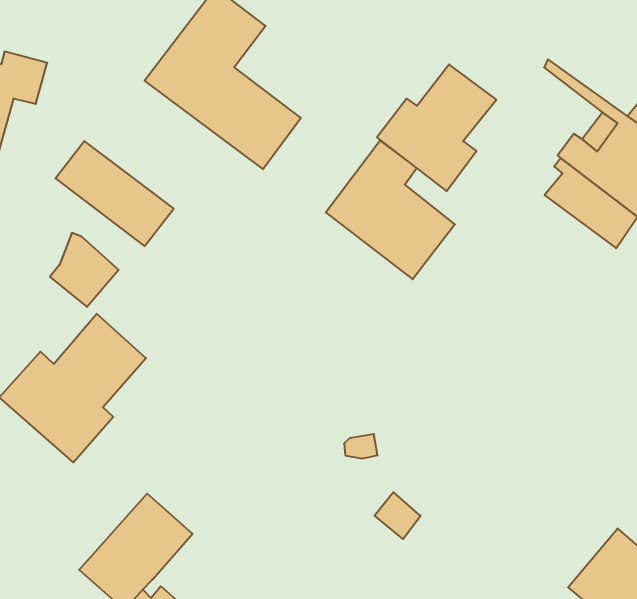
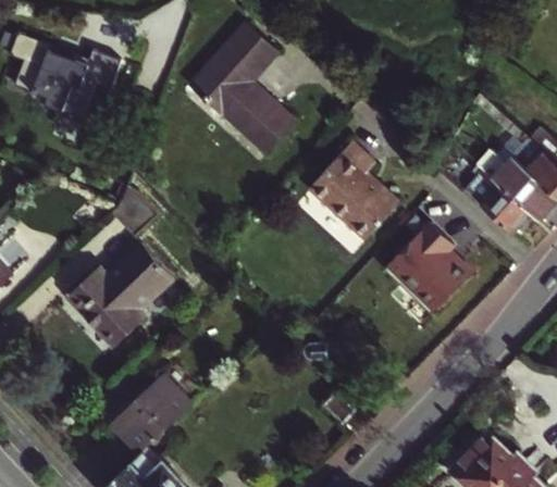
building: [377,64,496,191] -> none
building: [55,141,174,246] -> none
building: none -> [383,224,470,316]

